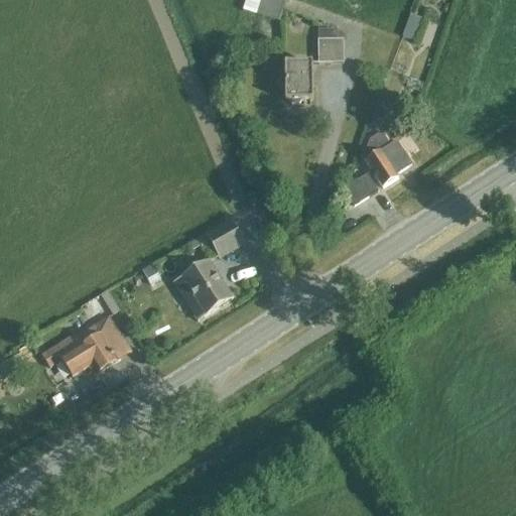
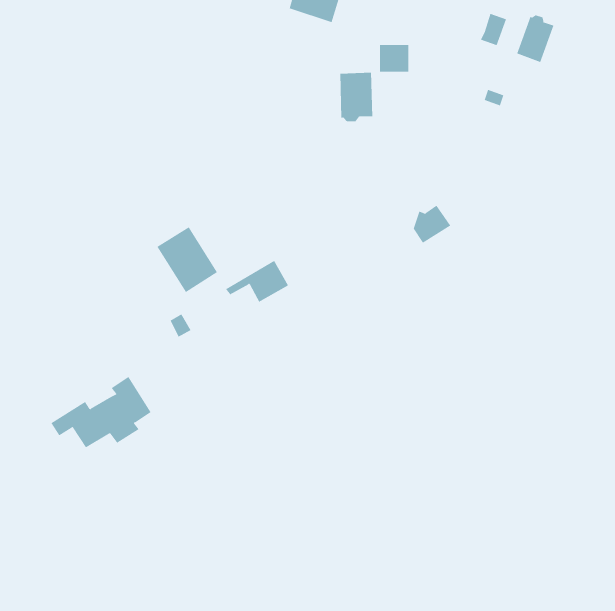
building: none -> [516,15,554,63]
building: [362,129,411,186] -> none
building: [180,258,232,313] -> [157,226,218,293]

